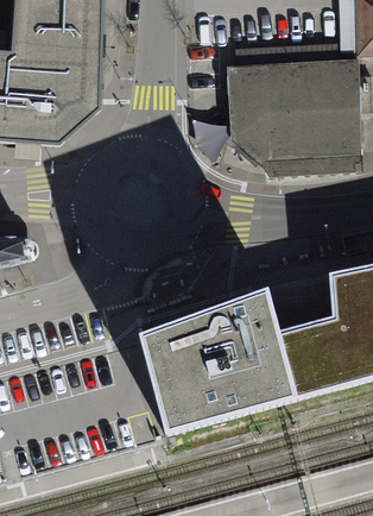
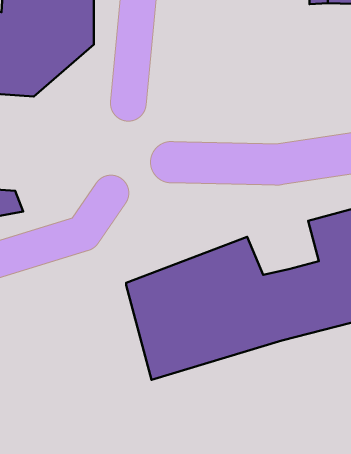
building: [239,64,358,161] -> none

